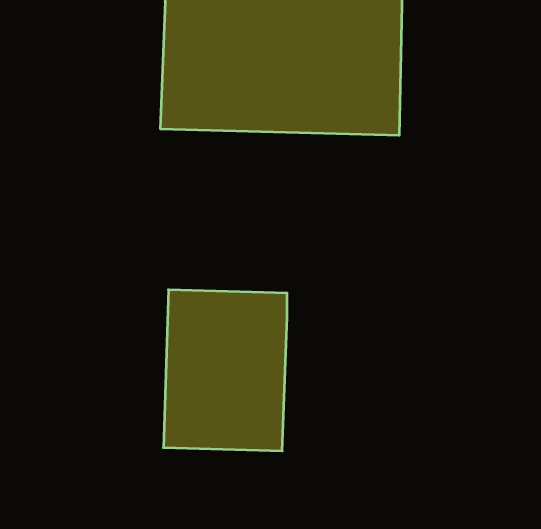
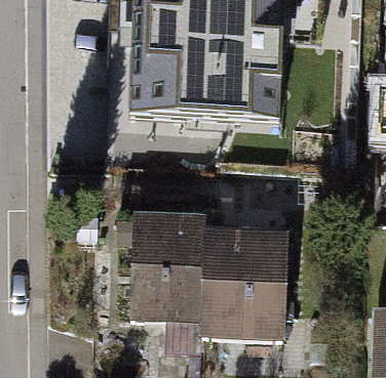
building: none -> [205,237,282,338]

